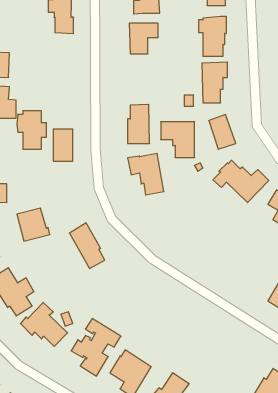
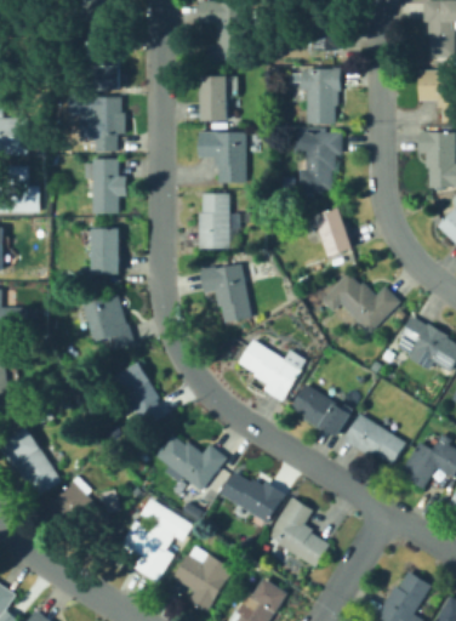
building: none -> [79,97,125,152]
building: [17,111,46,149] -> [82,159,125,213]
building: [161,122,195,157] -> [196,132,245,183]
building: none -> [238,340,301,401]
building: [17,208,50,241] -> [84,296,131,343]
building: none -> [290,383,350,437]
building: none -> [342,414,405,466]
building: none -> [155,434,226,491]
building: none -> [220,472,284,524]
building: none -> [267,497,329,566]

